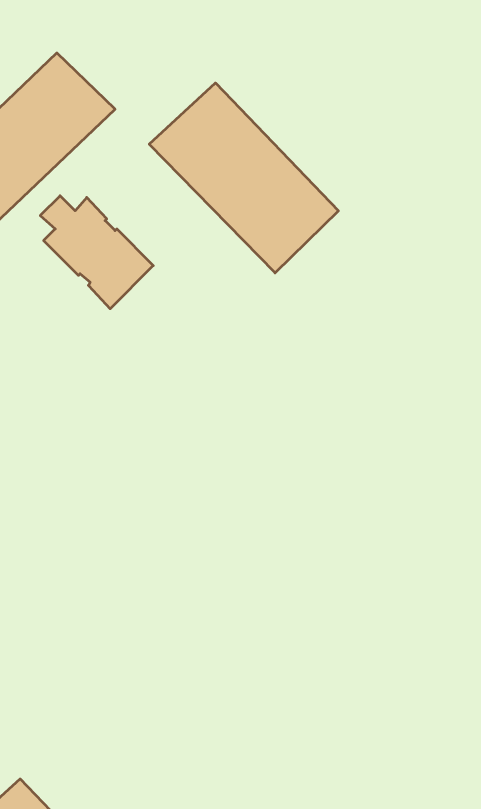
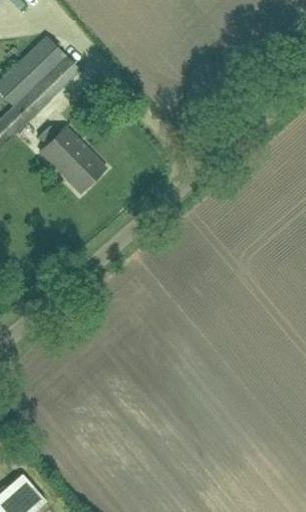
building: [149,83,338,273] -> none

